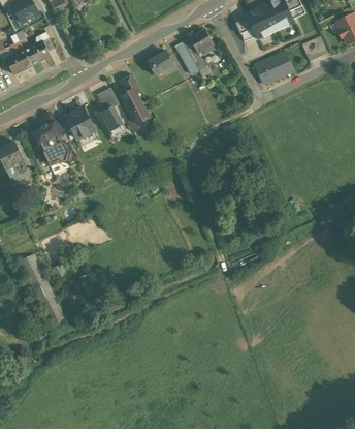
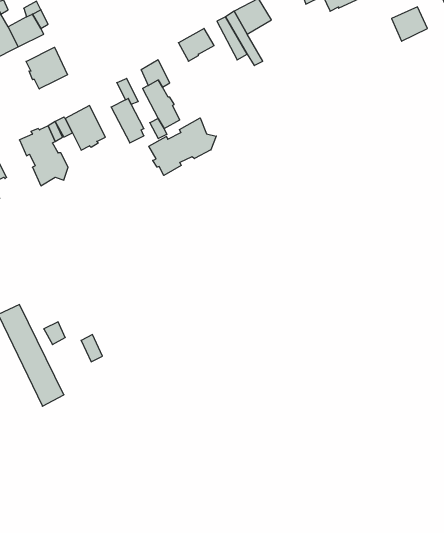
building: [255,54,288,84] -> none
building: none -> [26,47,68,89]
building: none -> [149,118,216,175]

